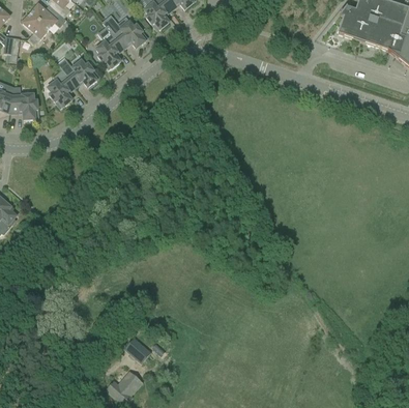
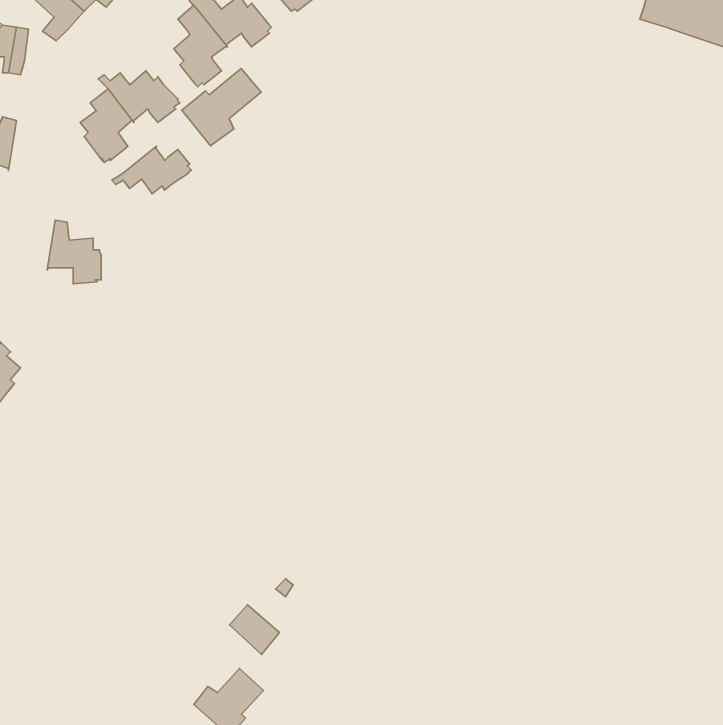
building: none -> [182,68,261,146]
building: [9,85,37,118] -> [47,220,101,284]
building: none -> [112,146,192,194]

